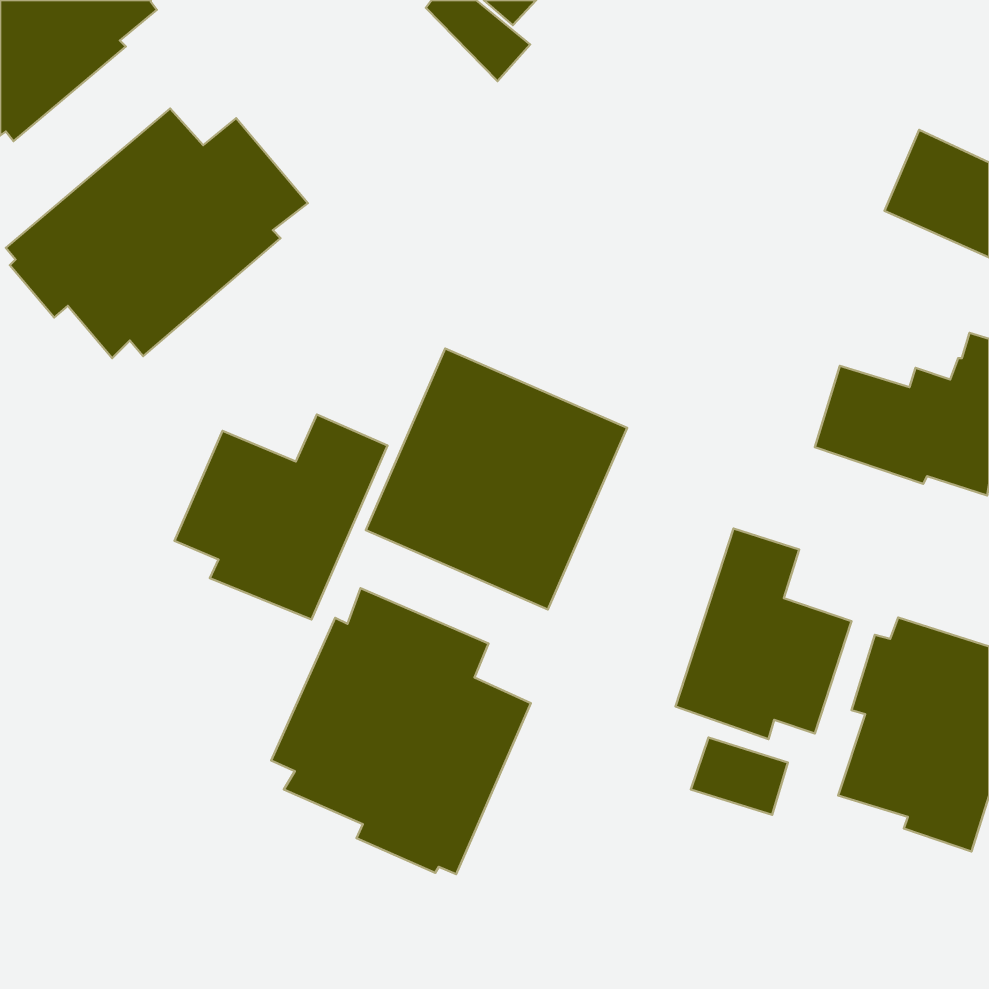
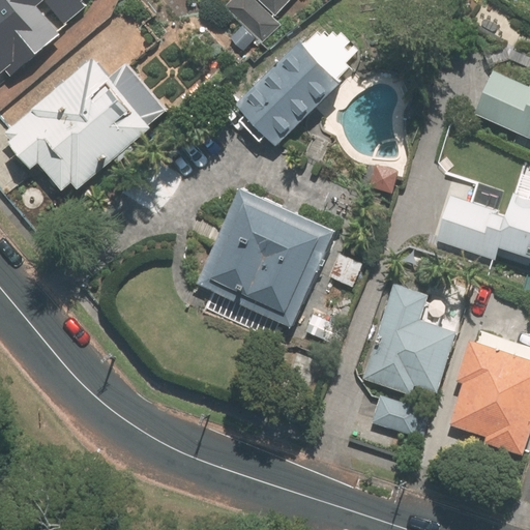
building: none -> [239,29,353,145]
building: [175,414,387,620] -> none
building: [271,588,531,874] -> none

